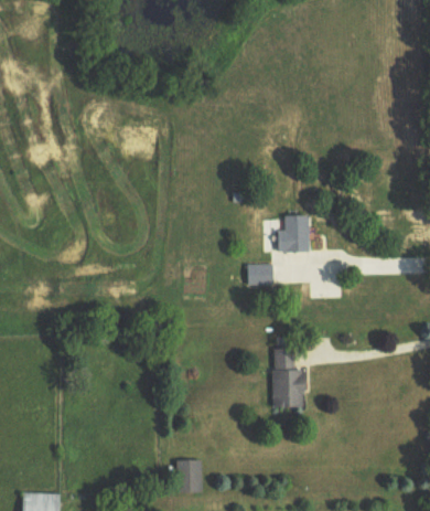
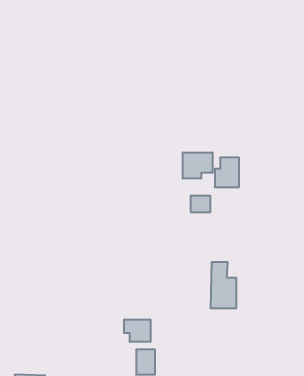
building: none -> [183,152,212,179]
building: none -> [124,319,150,342]

